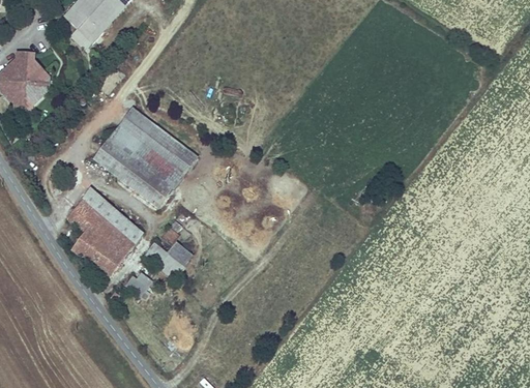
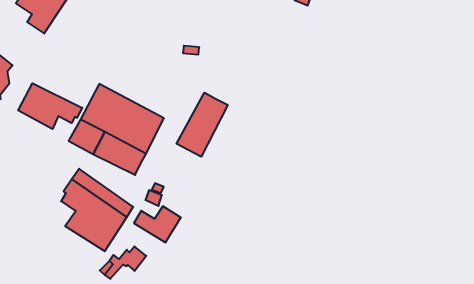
building: none -> [18,83,82,129]
building: none -> [176,93,228,157]

